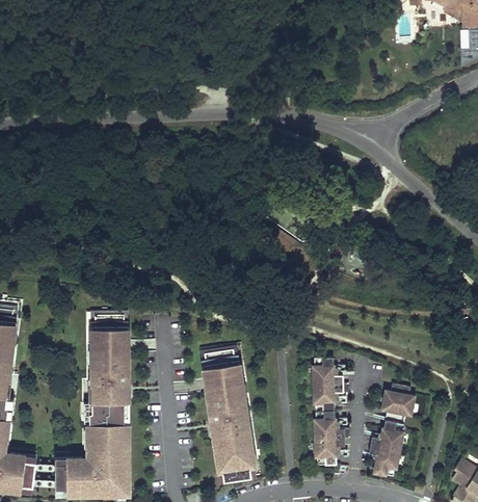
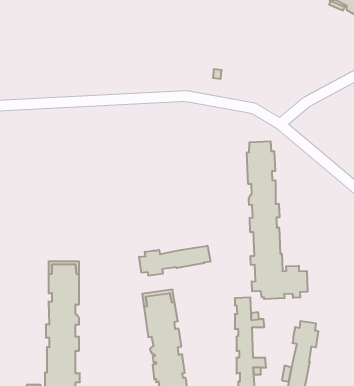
building: none -> [247,141,308,299]
building: none -> [139,246,210,276]

